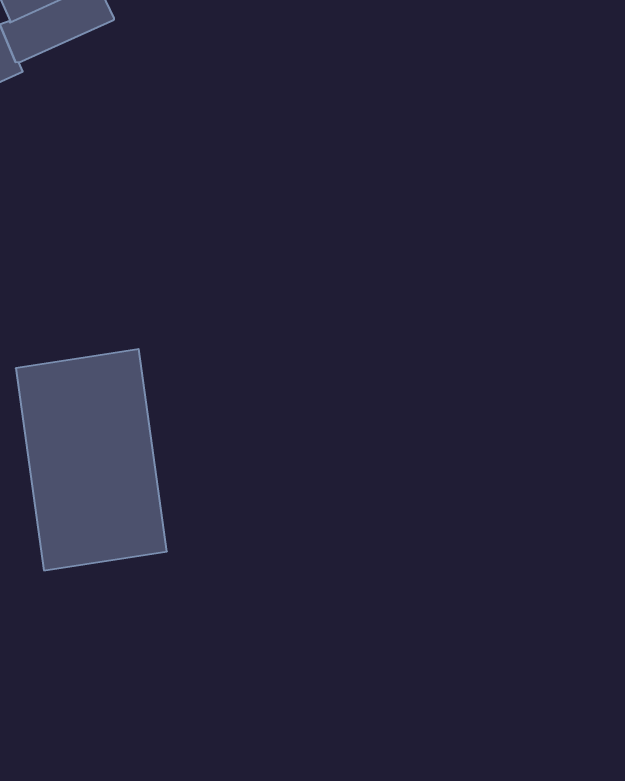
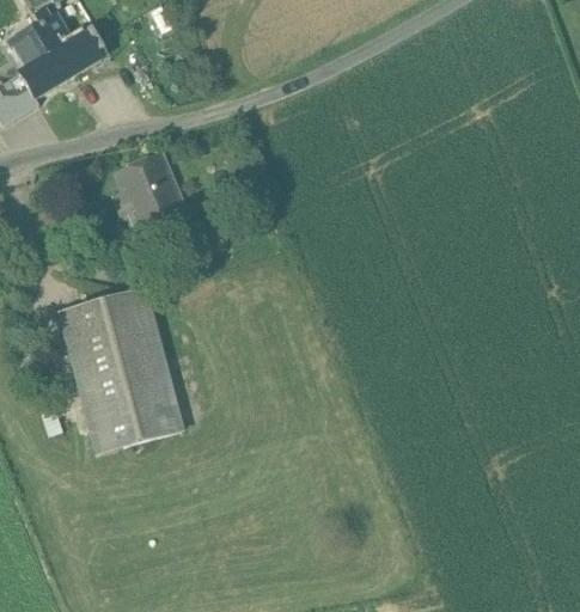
building: none -> [115,151,190,238]

